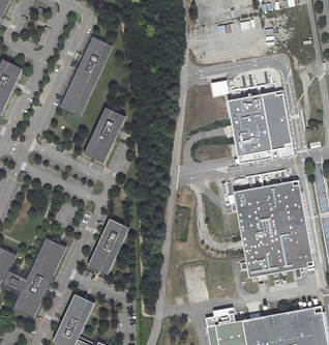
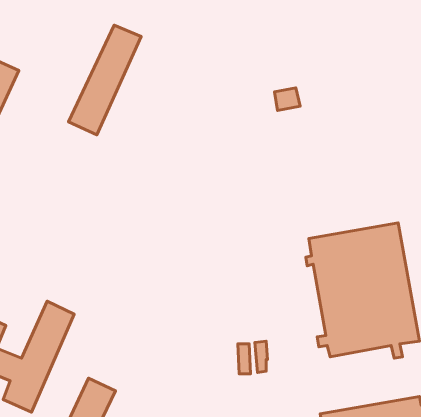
building: [226,91,292,164] -> none
building: [84,105,126,161] -> none
building: [85,215,126,272] -> none

